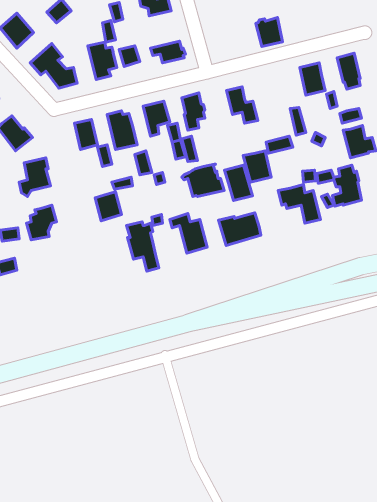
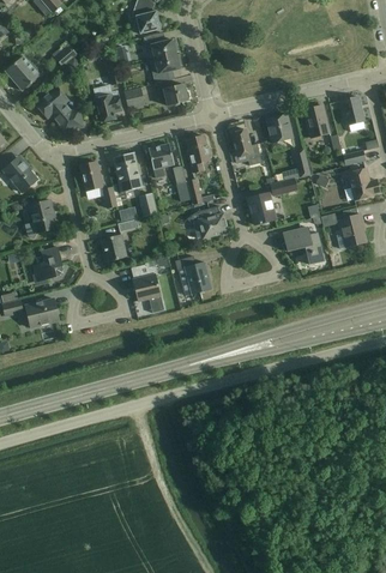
building: none -> [152,54,180,84]
building: [256,18,282,46] -> [266,114,292,143]
building: [225,165,252,201] -> none
building: [219,213,261,245] -> none
building: none -> [25,298,60,327]

